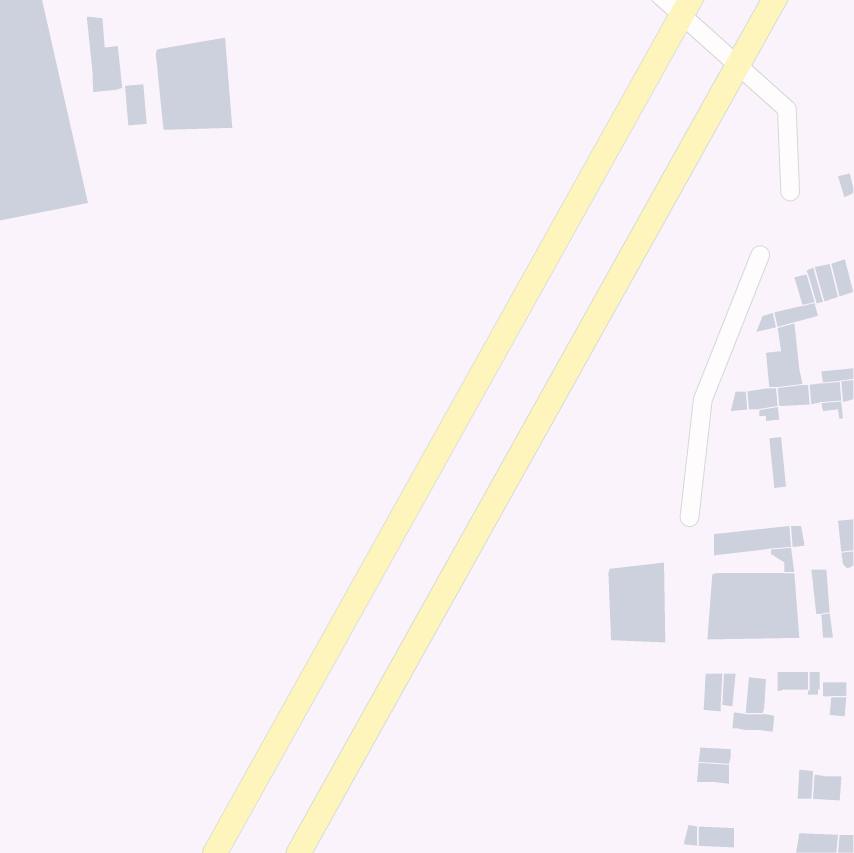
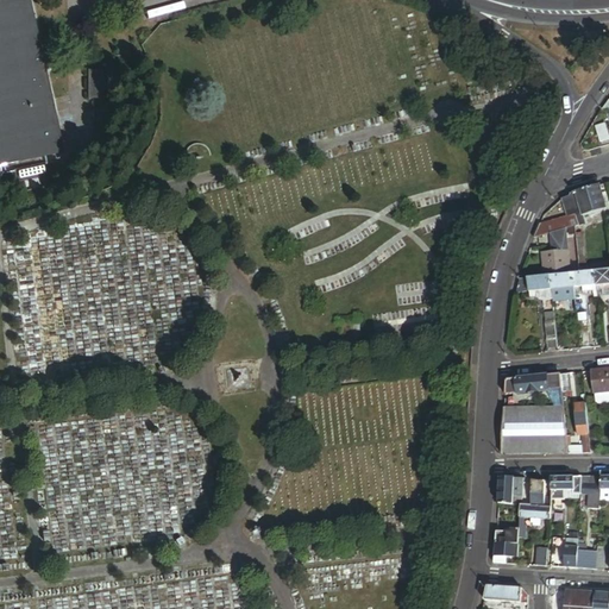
building: [86,16,123,93] -> none
building: [155,37,233,130] -> none
building: [608,562,666,643] -> none

